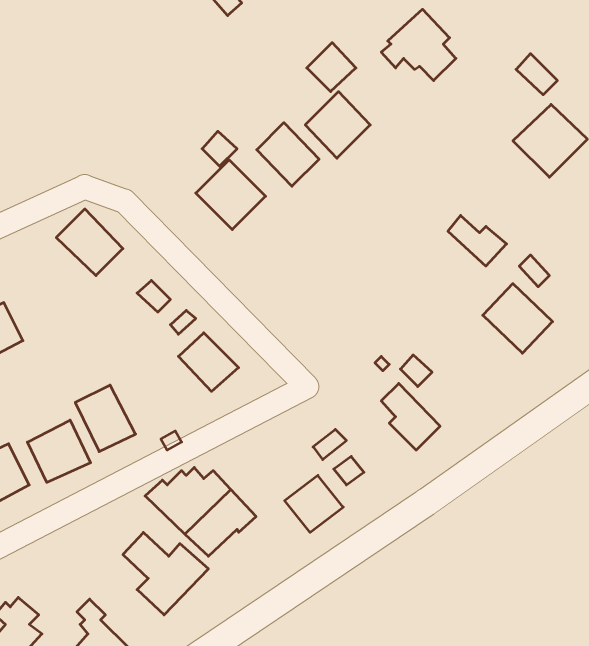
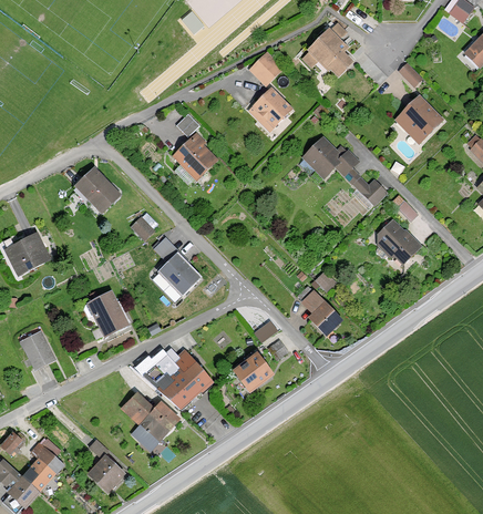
building: [257,123,319,186] -> none
building: none -> [301,136,359,181]
building: [27,420,91,482] -> none

